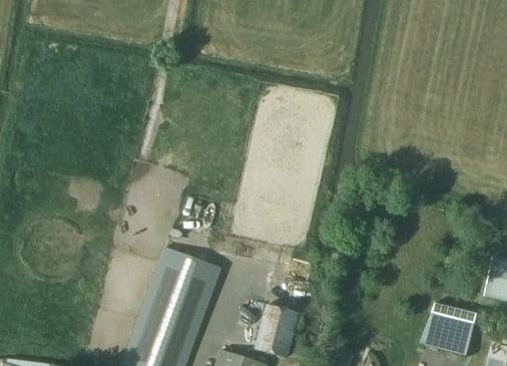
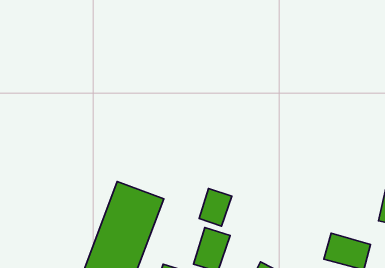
building: none -> [199,189,232,226]

